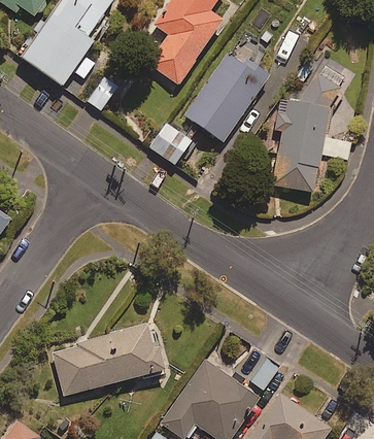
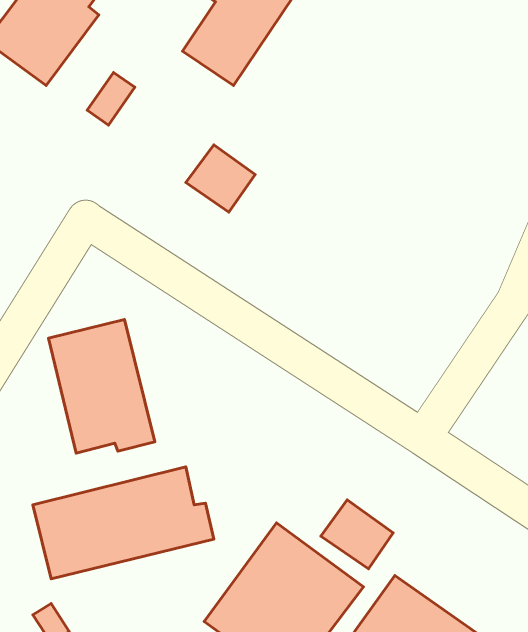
building: [183,56,270,142] -> none
building: [270,69,351,192] -> none
building: none -> [49,320,155,453]

